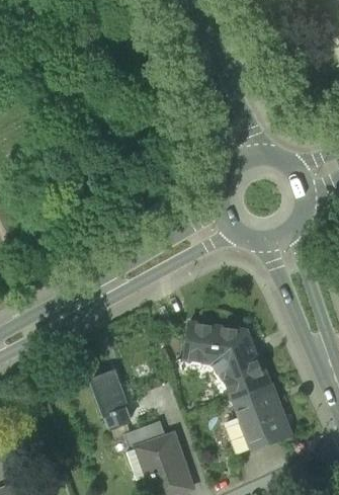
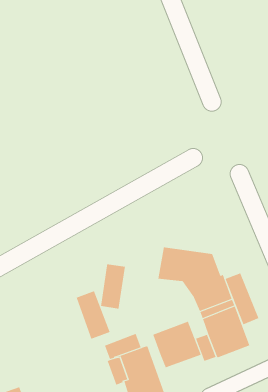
building: none -> [101,264,126,309]
building: none -> [225,272,259,325]
building: none -> [153,321,201,368]

